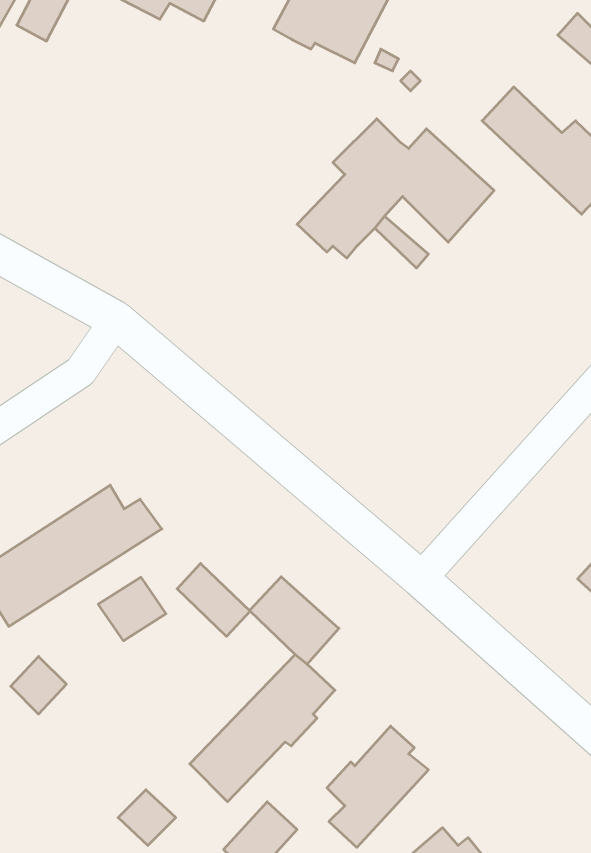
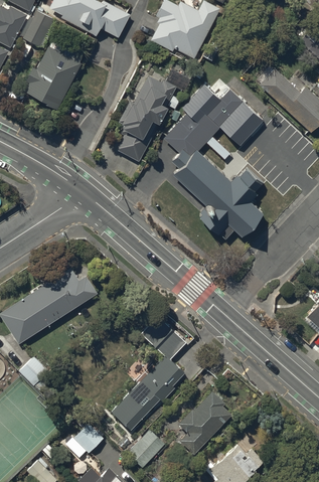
building: none -> [25,48,81,109]
building: none -> [118,77,176,160]
building: none -> [172,150,263,238]
building: [177,563,250,636] -> none
building: [98,577,166,641] -> none

